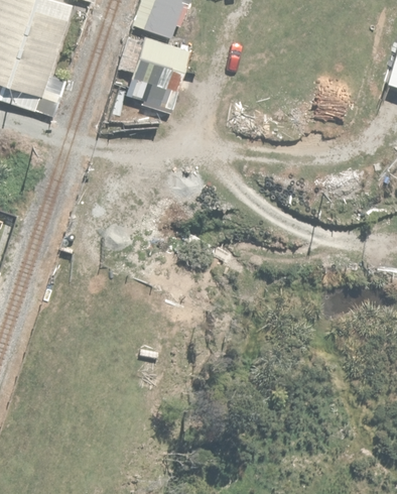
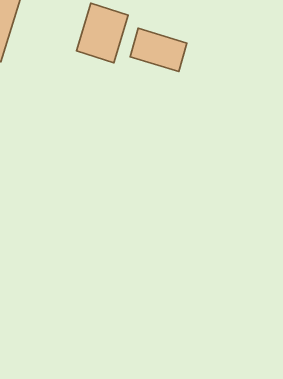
building: none -> [130,28,187,72]

